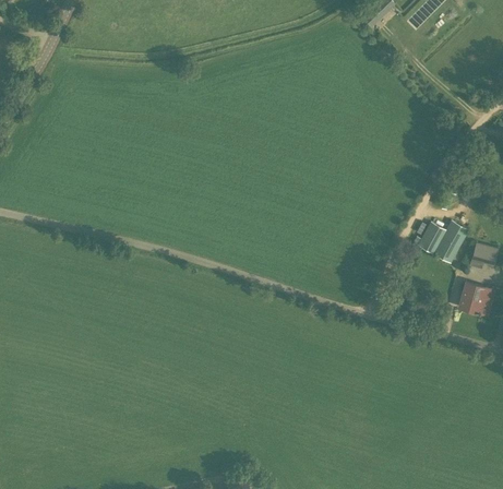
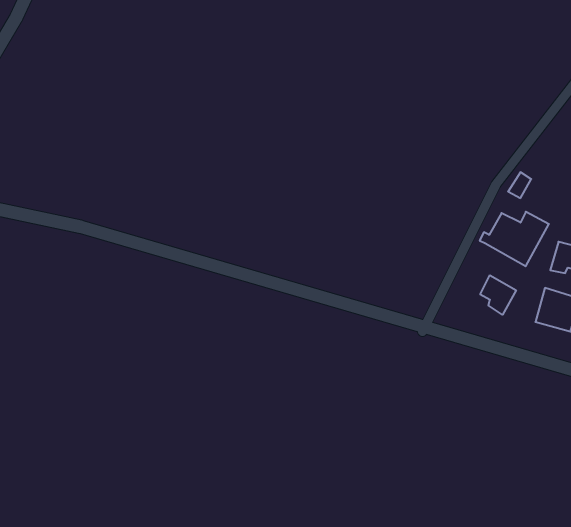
building: none -> [480,275,516,315]

